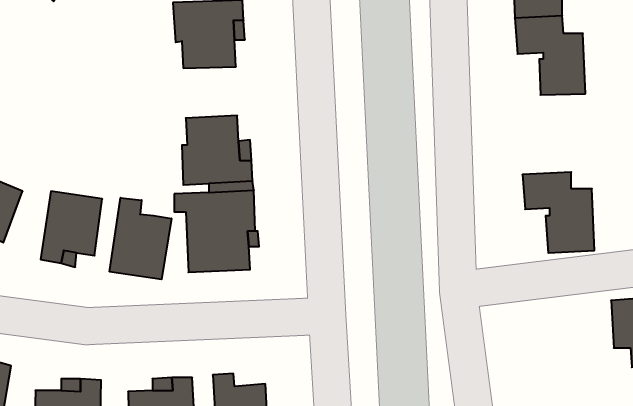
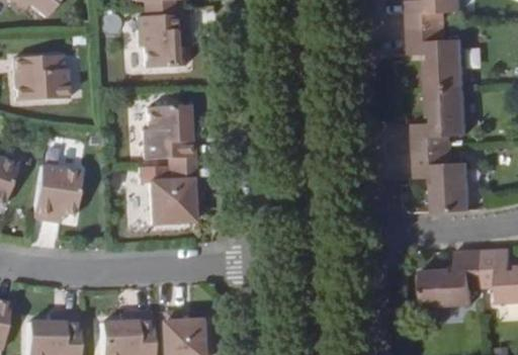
building: none -> [13,53,69,99]
building: none -> [411,87,464,151]
building: [110,198,171,279] -> none
building: none -> [422,250,484,306]

